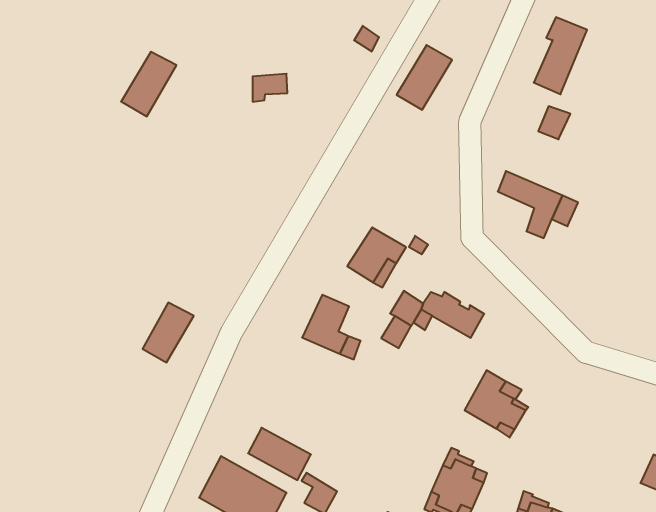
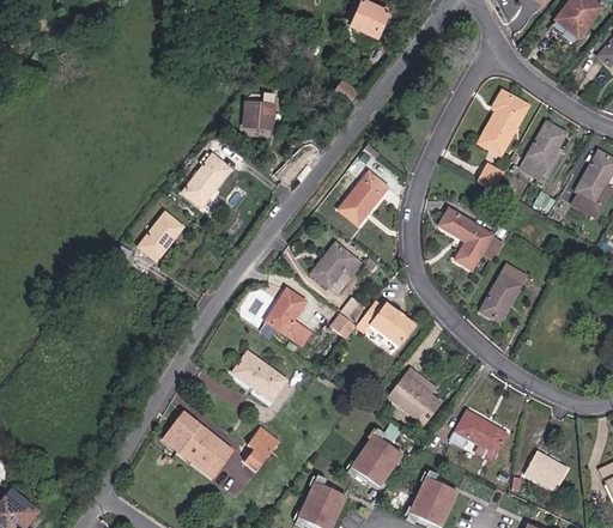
building: [397,45,452,110] -> [335,172,383,224]
building: none -> [518,122,563,178]
building: [121,52,176,116] -> [187,158,235,210]
building: none -> [480,265,523,322]
building: [143,303,194,362] -> [144,217,188,265]
building: none -> [455,411,505,454]
building: [248,428,311,480] -> [238,356,289,401]

